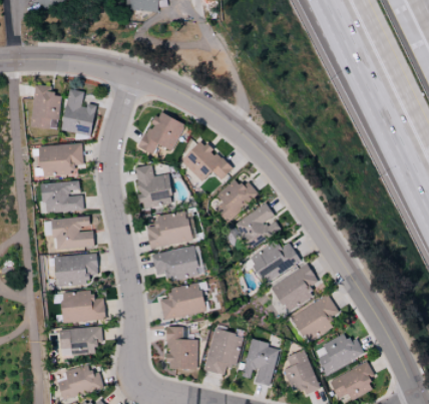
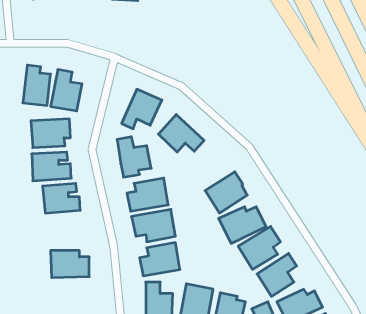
building: [216,180,261,222] -> none
building: [54,255,97,286] -> none
building: [58,326,103,357] -> none

